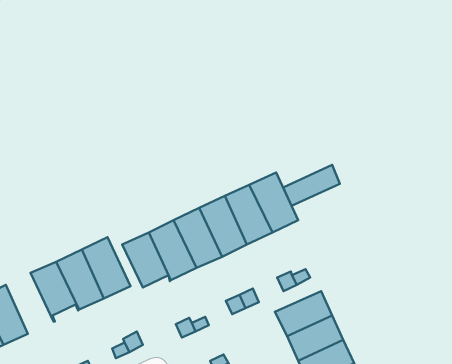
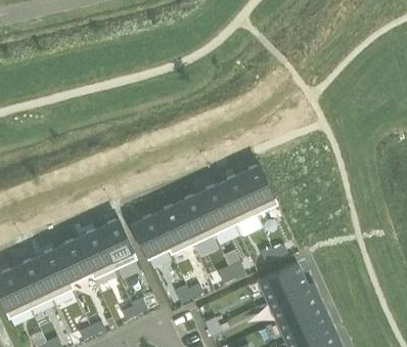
building: [283,165,340,206] -> none
building: none -> [34,248,74,299]

